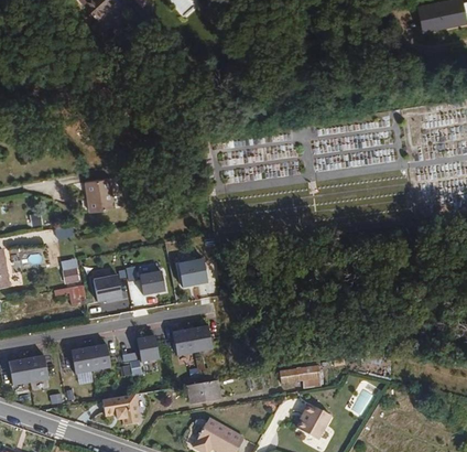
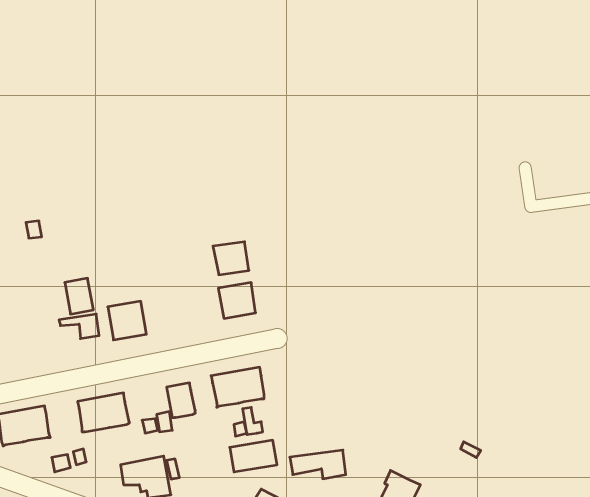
building: [85,177,112,209] -> none
building: [138,270,165,295] -> [213,242,249,275]
building: [279,366,322,388] -> [290,450,346,479]

